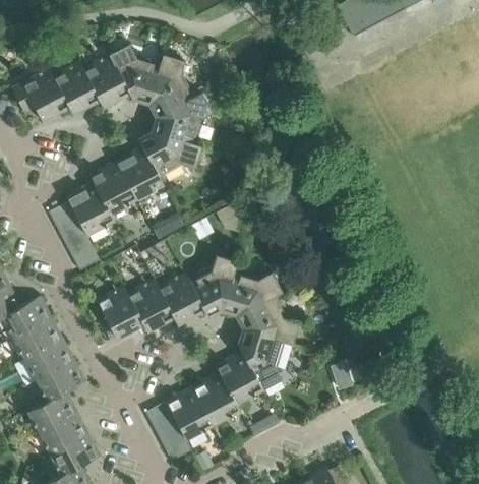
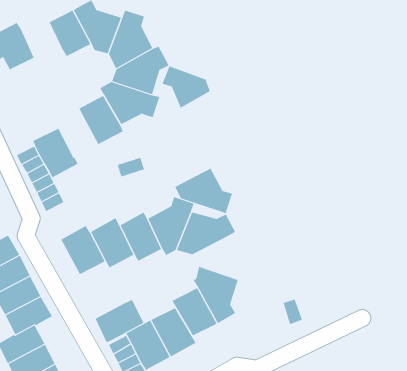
building: [52,63,96,114] -> none
building: none -> [162,66,211,109]
building: [86,162,133,214] -> none
building: [234,297,296,346] -> [174,168,233,214]
building: none -> [95,299,144,343]

